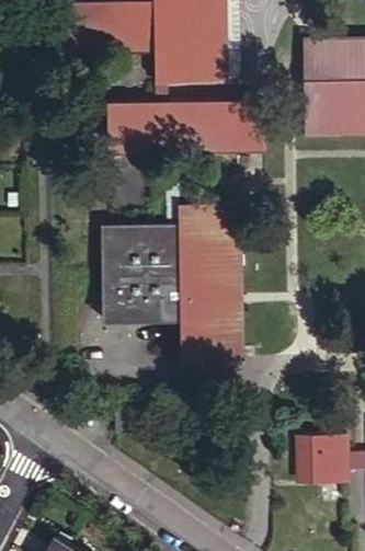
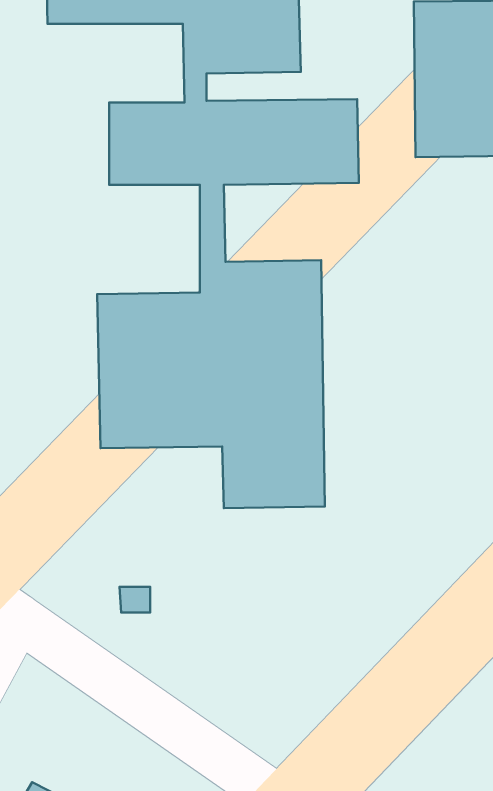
building: [299,435,345,484] -> none

